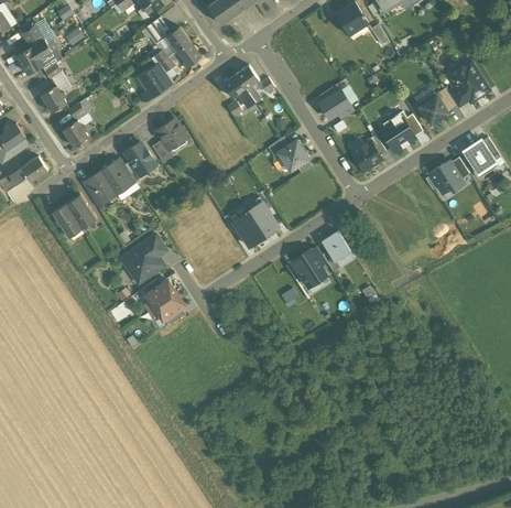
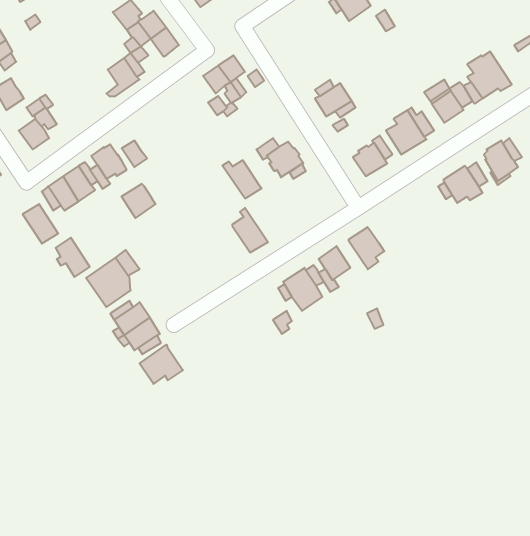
building: [156,119,186,149] -> [121,184,156,218]
building: [52,203,81,237] -> [56,238,90,277]
building: [229,213,263,246] -> [222,160,262,198]
building: none -> [349,227,384,269]
building: none -> [140,345,183,384]

